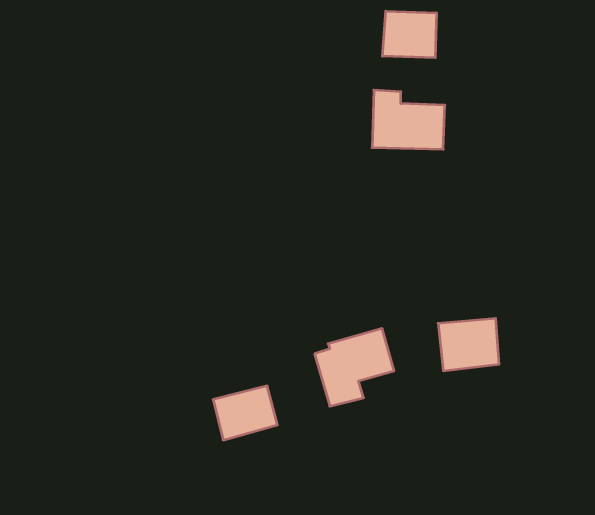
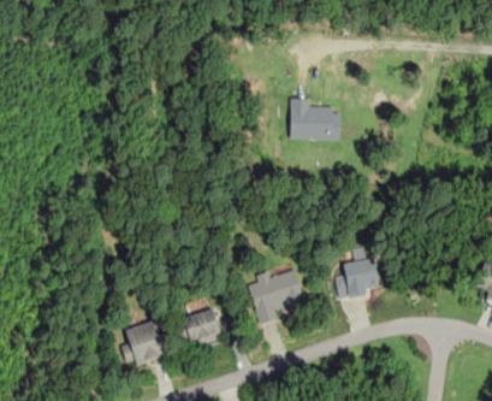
building: [382,11,437,58] -> none
building: none -> [121,320,166,366]

